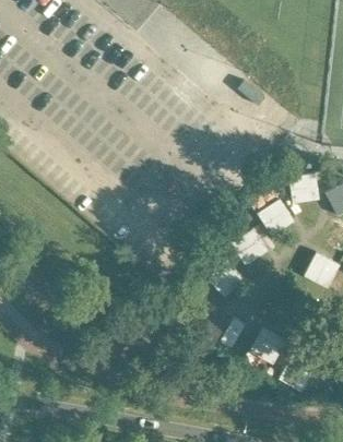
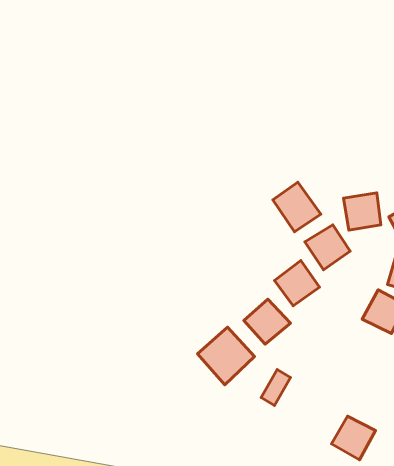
building: none -> [273,182,321,232]
building: none -> [197,327,254,385]
building: [250,327,286,365] -> none

